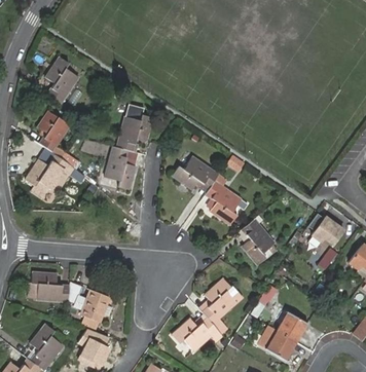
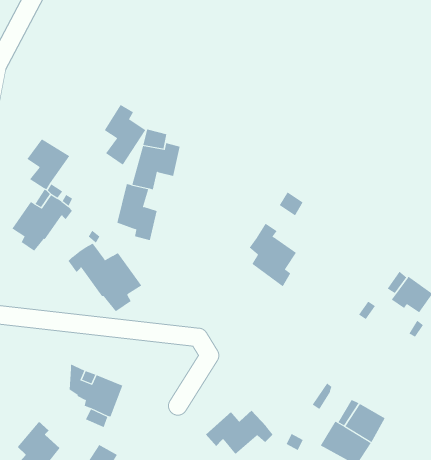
building: [46,58,78,104] -> [104,104,146,166]
building: [173,156,218,189] -> none
building: none -> [68,243,142,312]
building: [242,219,274,264] -> none
building: [32,273,70,301] -> none
building: [198,278,243,329] -> none

